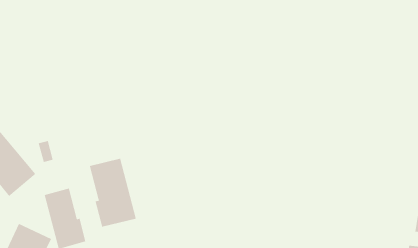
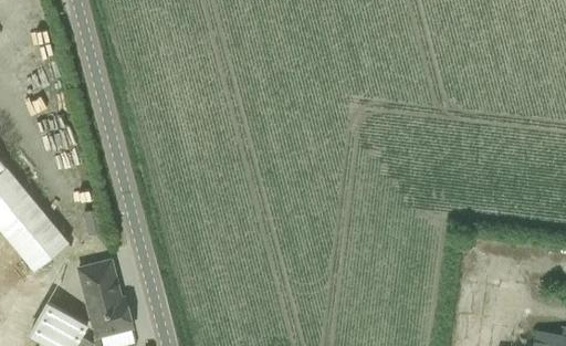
building: [89,158,137,228] -> none

